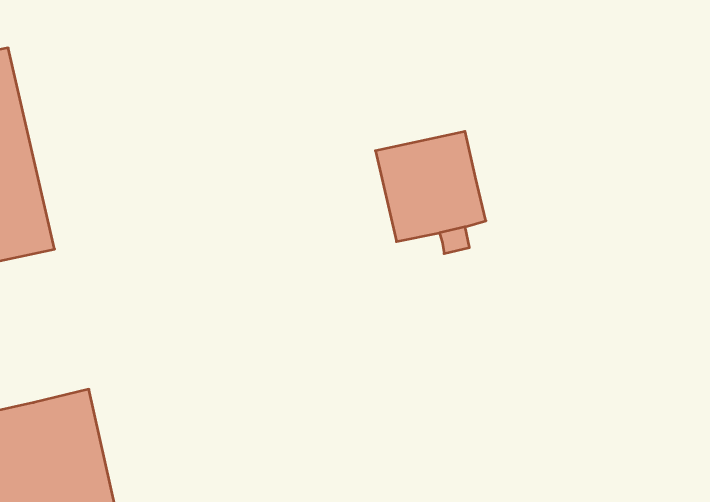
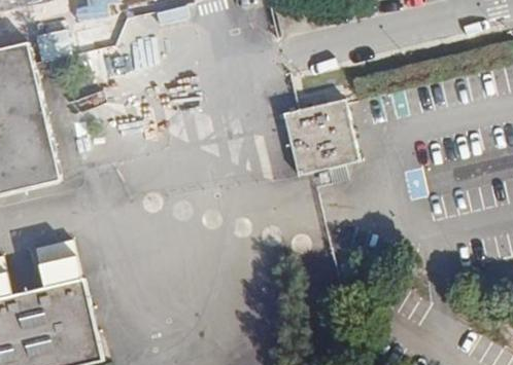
building: none -> [33,236,81,287]

